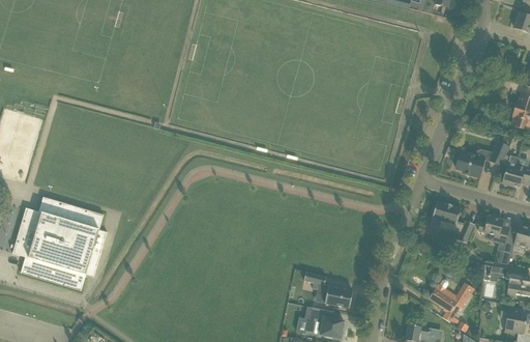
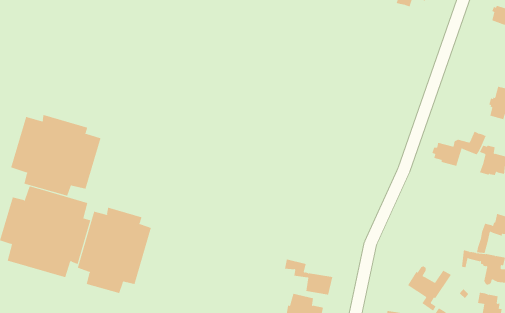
building: none -> [11,114,101,197]
building: [432,201,474,243] -> none
building: [477,215,509,250] -> none
building: none -> [77,207,152,294]

